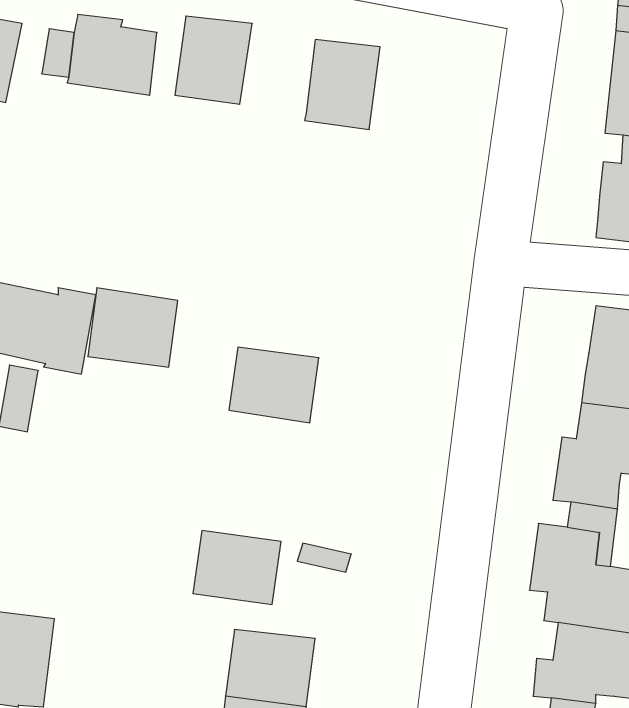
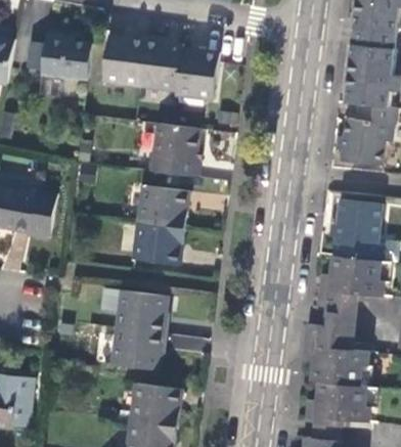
building: none -> [138,39,182,90]
building: none -> [151,124,199,178]
building: [88,288,178,367] -> [137,184,188,229]
building: none -> [117,289,167,333]

